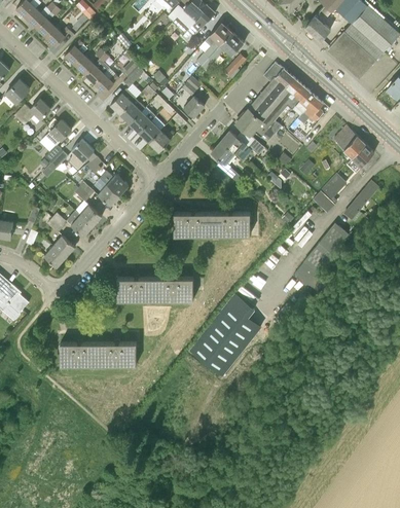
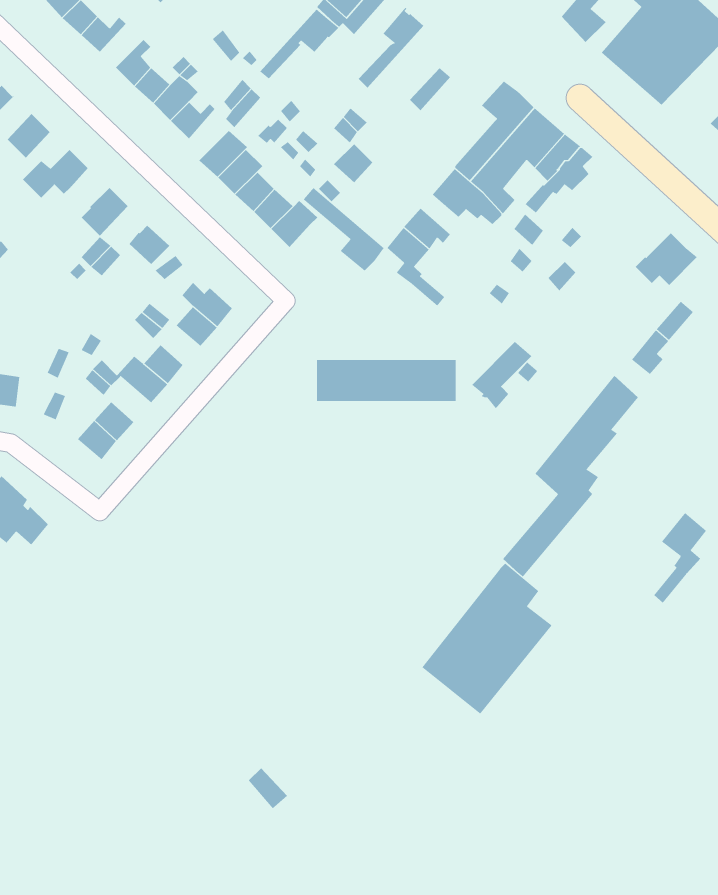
building: [201,32,244,70] -> [259,9,339,79]
building: none -> [304,187,385,271]
building: [337,130,365,157] -> none
building: [313,175,346,212] -> [471,341,532,409]
building: [116,278,192,300] -> none
building: [189,293,260,375] -> [422,563,553,715]
building: none -> [653,512,707,604]
building: [60,342,136,365] -> none

